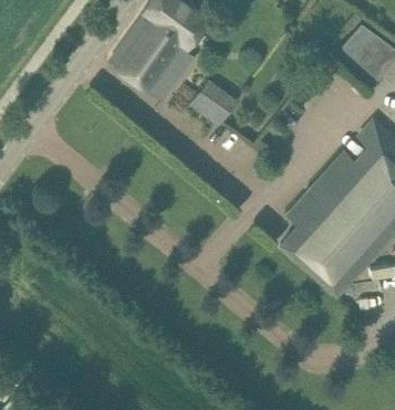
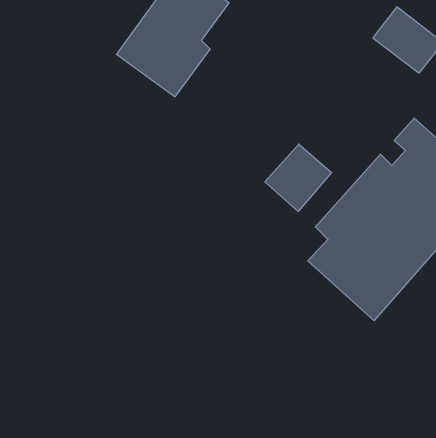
building: [189,78,237,125] -> none
building: none -> [265,144,332,211]

